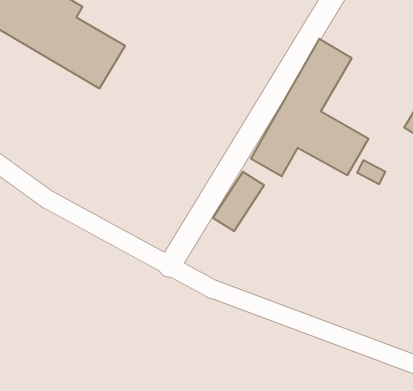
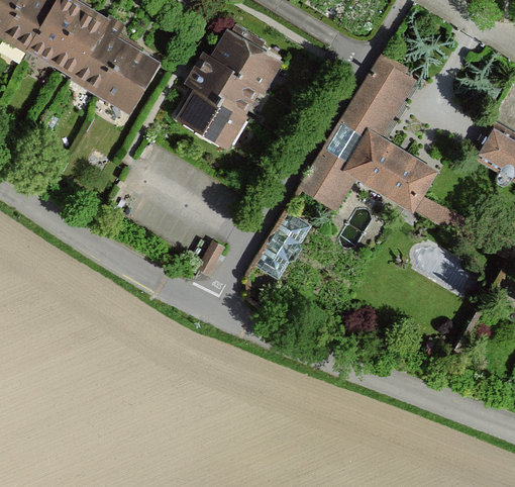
building: none -> [175,29,281,150]

